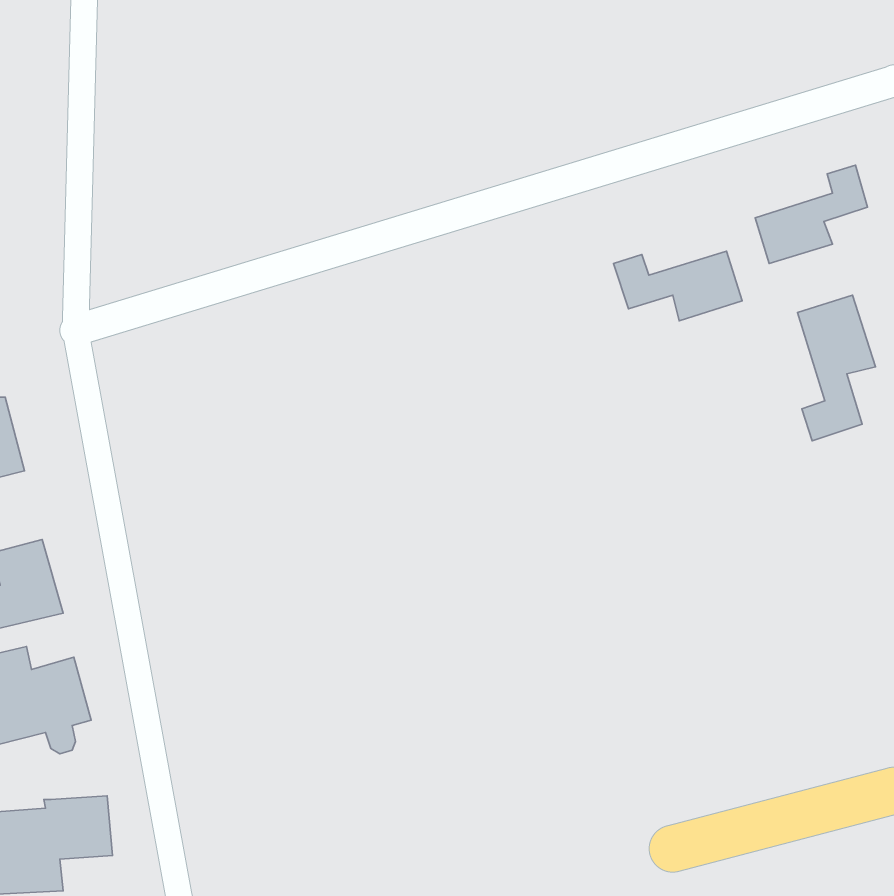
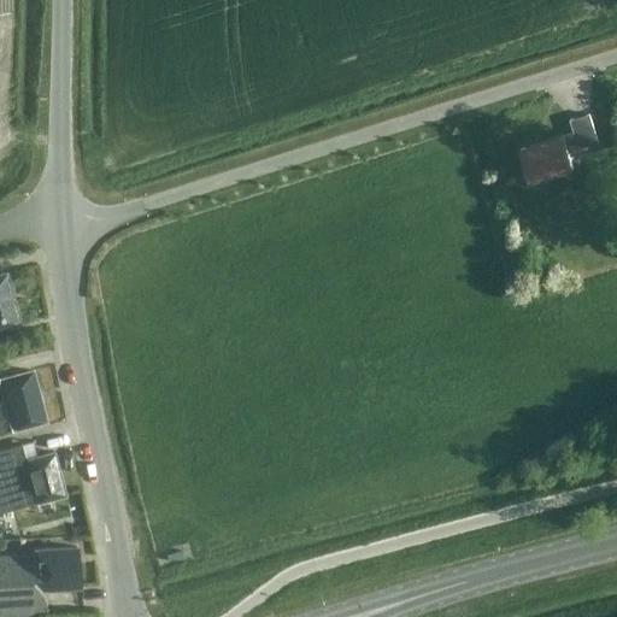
building: [613,251,742,321] -> none
building: [798,295,875,441] -> none

